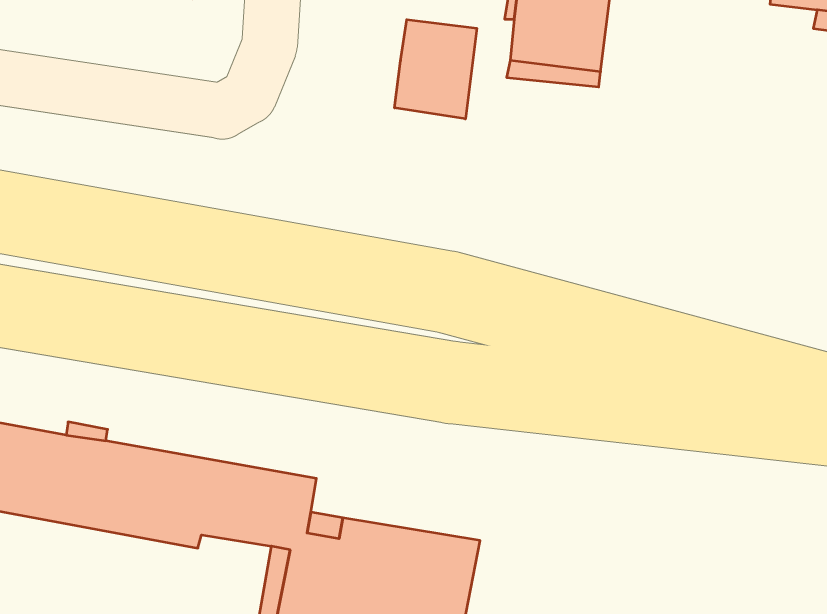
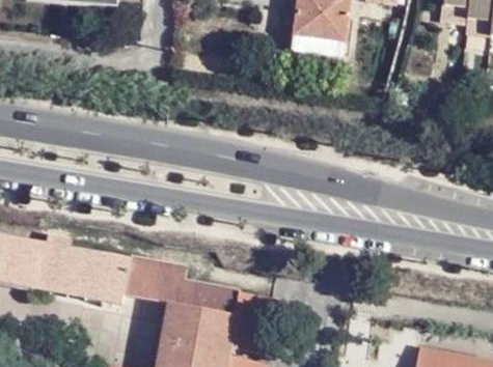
building: [395,20,477,119] -> none

